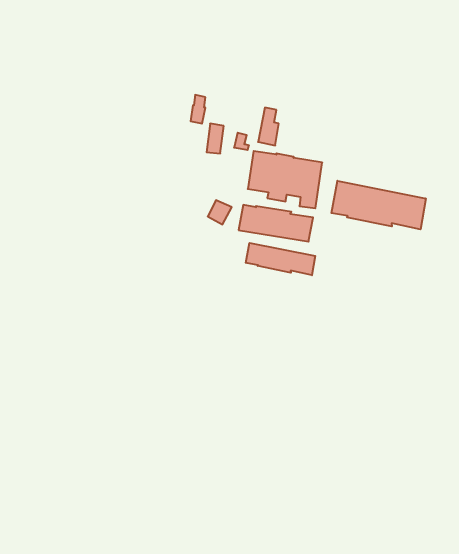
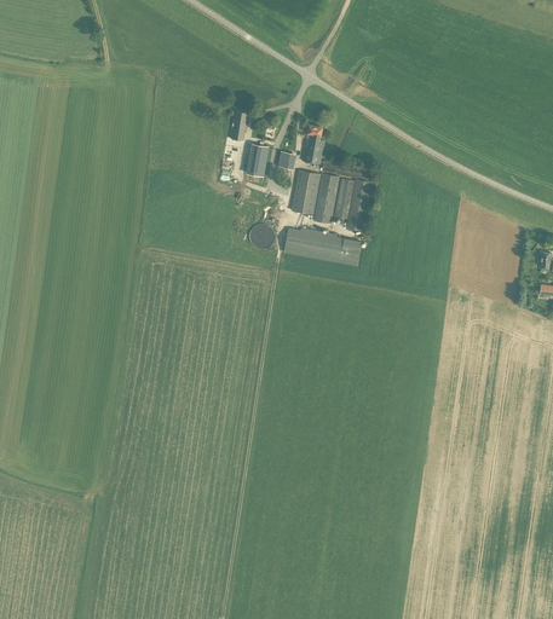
building: [331,181,426,229] -> none
building: [246,243,315,275] -> none

